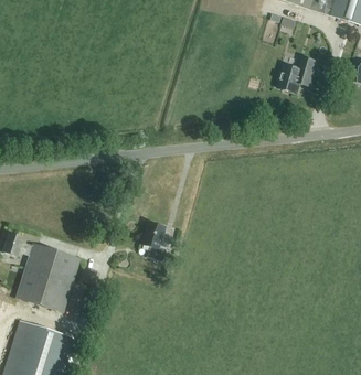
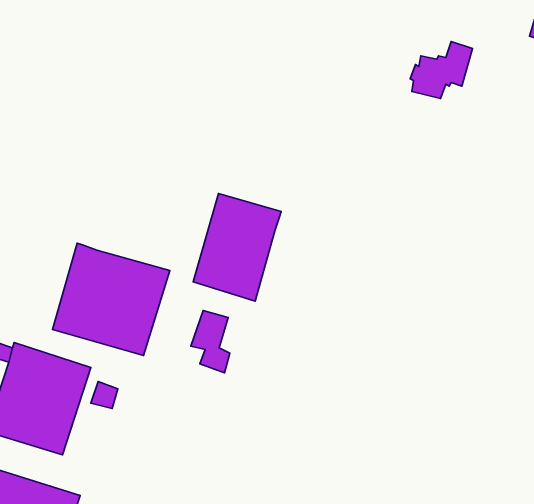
building: none -> [193,194,281,301]
building: none -> [52,243,170,355]

